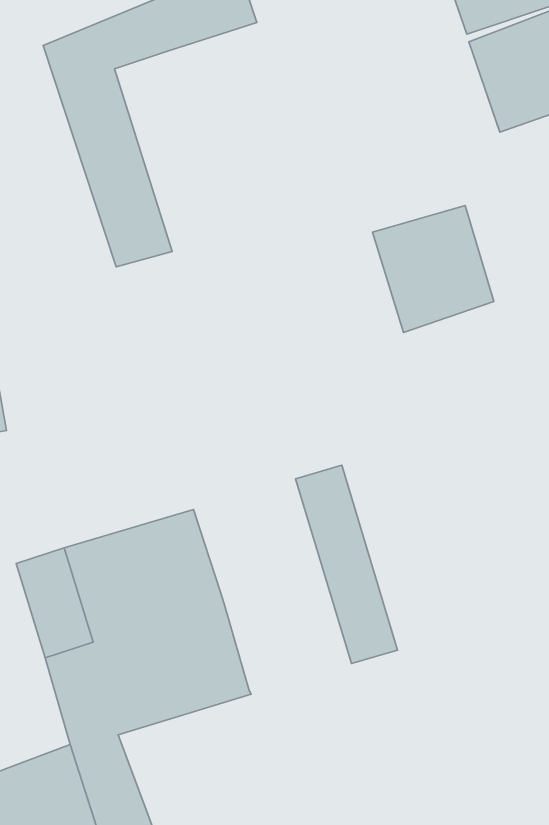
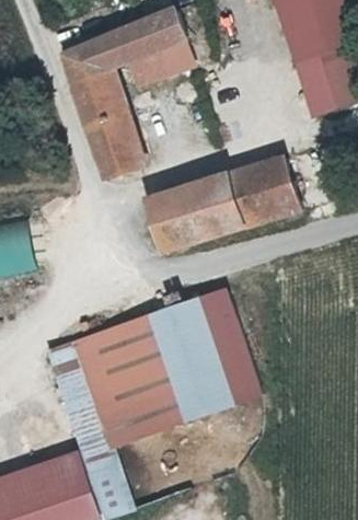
building: none -> [130,42,190,84]
building: none -> [145,161,265,250]
building: none -> [146,303,229,421]

